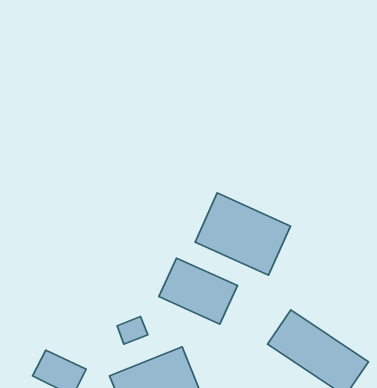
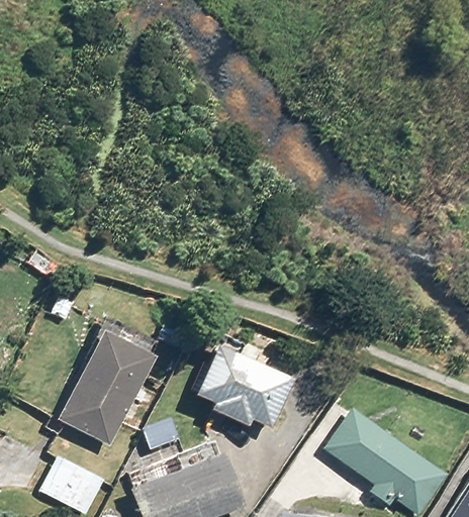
building: [195,193,291,275] -> none
building: none -> [56,331,155,445]

